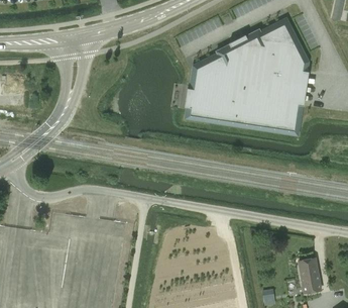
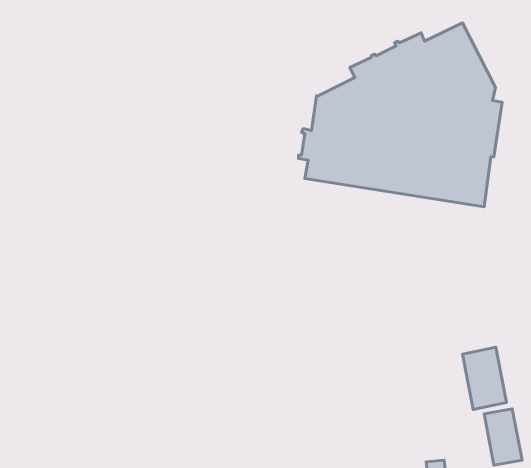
building: none -> [463,347,506,409]

